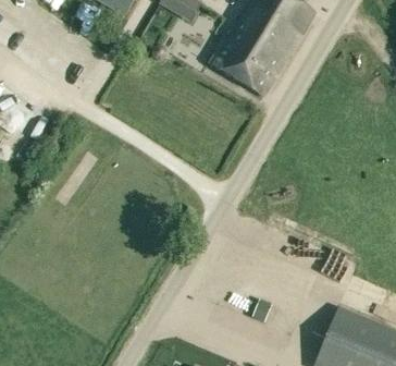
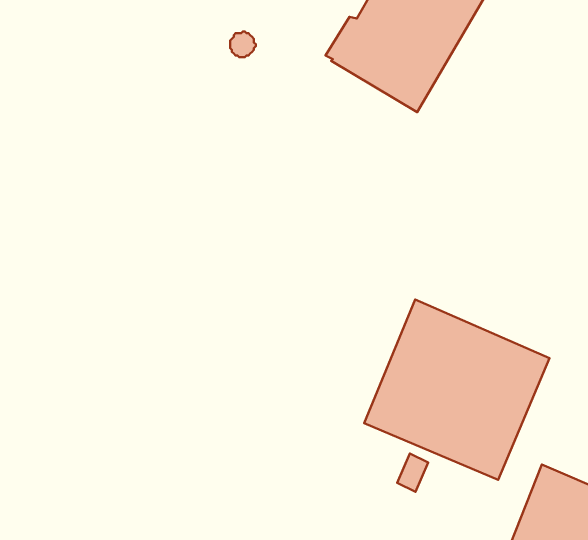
building: none -> [364,299,549,480]

